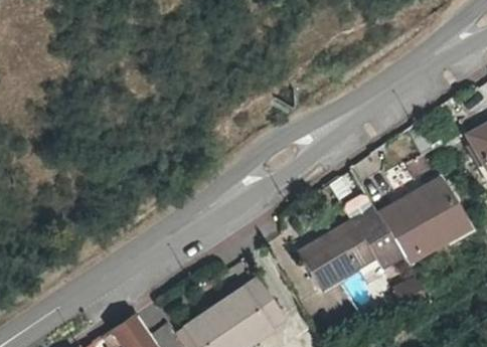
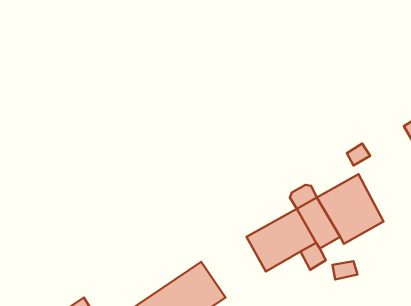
building: [421,177,468,237] -> none

